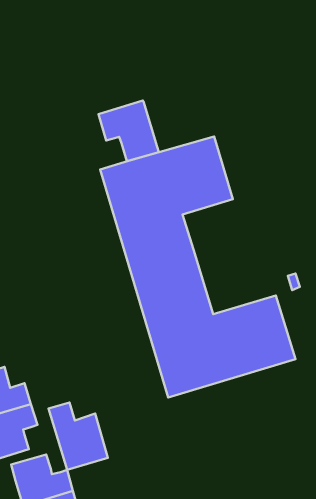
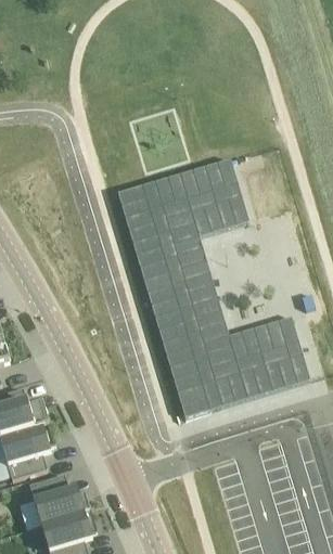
building: [99,100,159,161] -> none
building: [48,403,108,470] -> none

